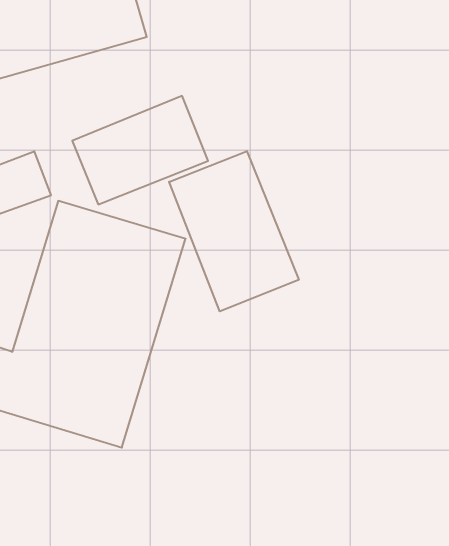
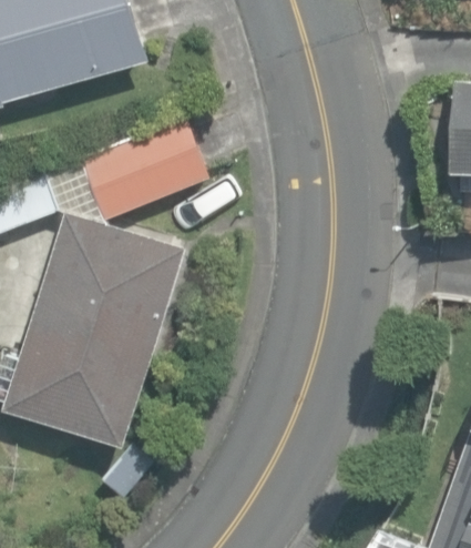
building: [169,151,299,311] -> none

